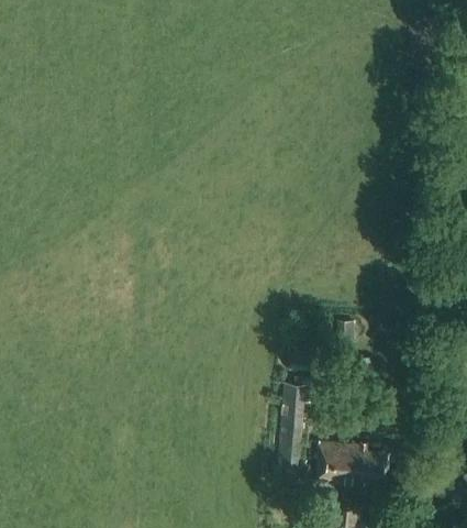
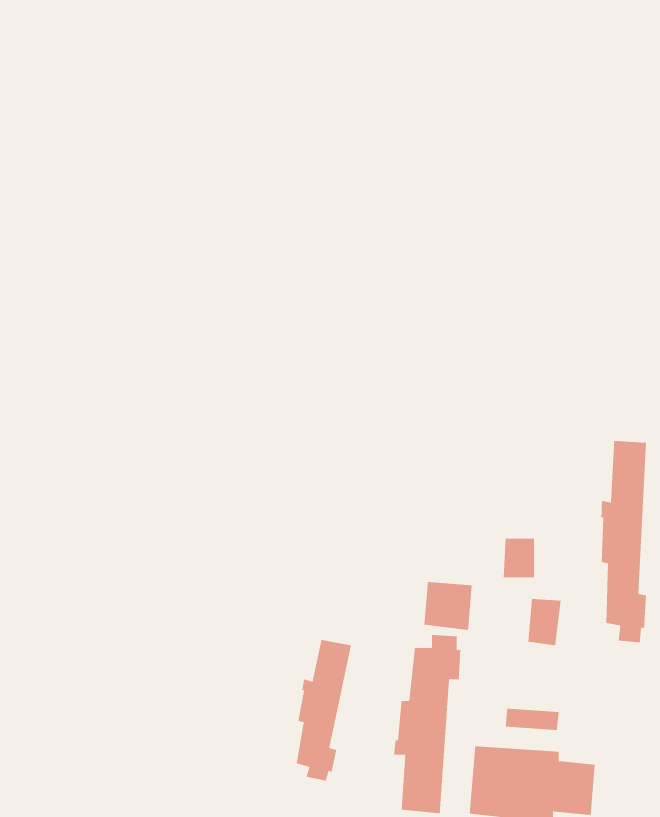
building: none -> [601,440,647,643]
building: none -> [296,639,352,782]

